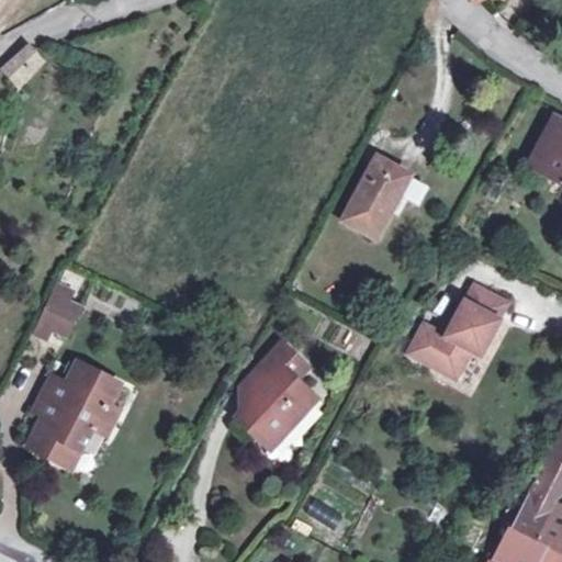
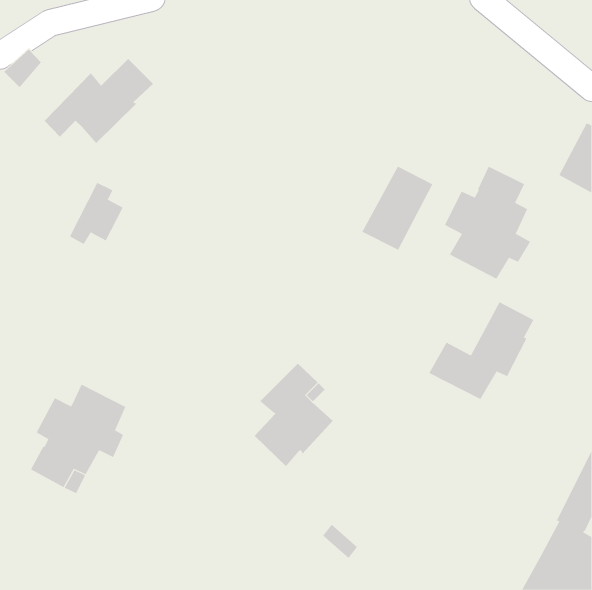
building: none -> [44,58,154,144]
building: none -> [444,166,531,280]
building: [32,280,83,339] -> [69,182,124,245]

